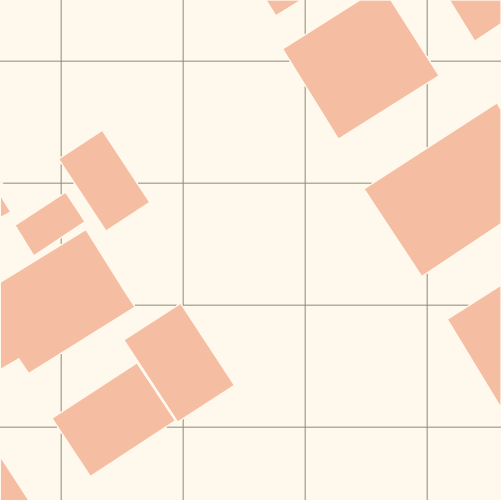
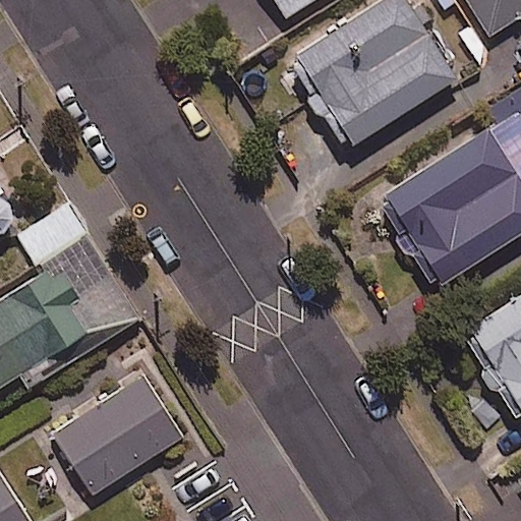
building: [58,130,150,231] -> none
building: [124,303,235,422] -> none

